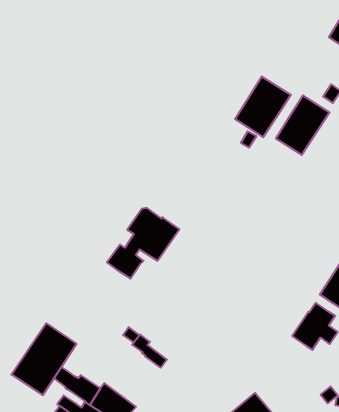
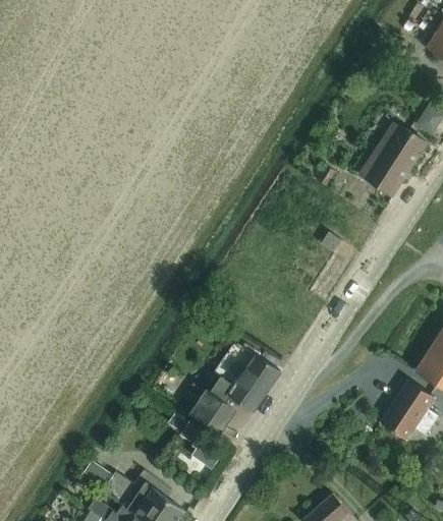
building: [235,76,291,137] -> none
building: [107,208,179,279] -> [189,344,280,432]
building: [11,323,76,395] -> none

